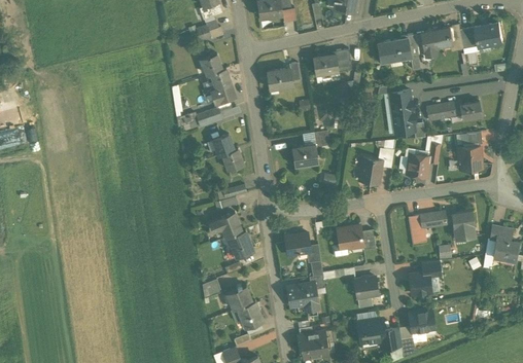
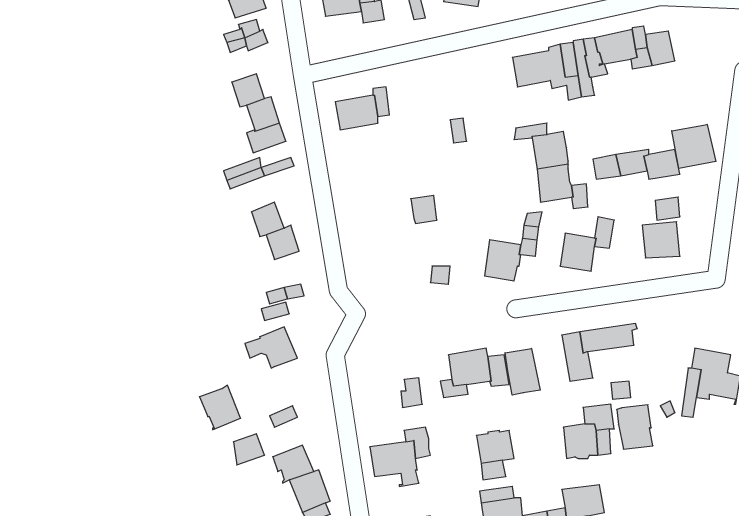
building: [475,22,502,45] -> none
building: [313,48,351,74] -> none
building: none -> [672,124,716,168]
building: [291,144,318,166] -> none
building: [452,211,475,239] -> [617,405,653,449]
building: none -> [505,348,540,395]
building: [228,229,253,257] -> [199,385,241,430]
building: [284,232,310,256] -> none

